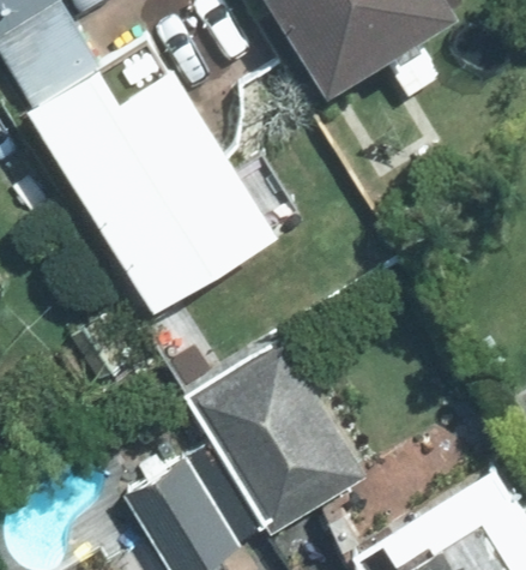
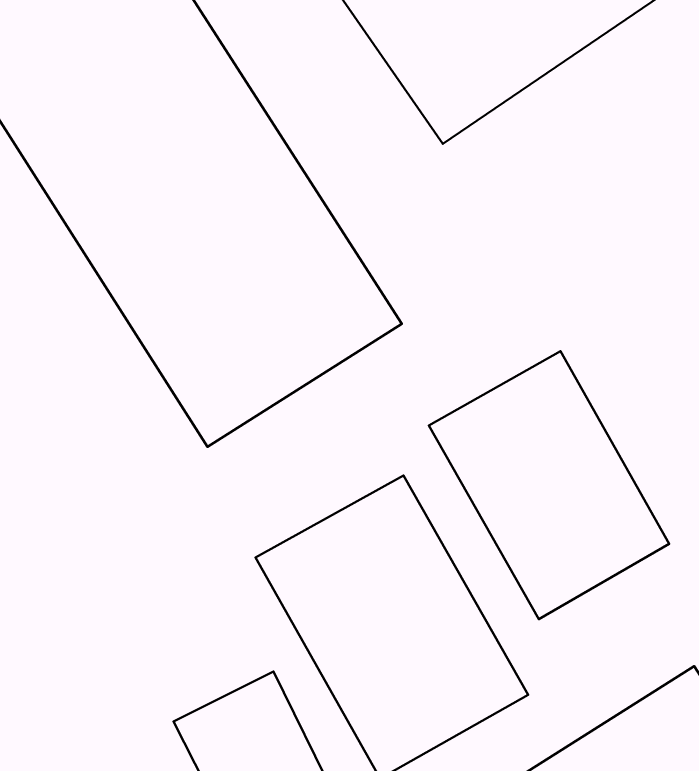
building: none -> [429,351,669,619]

